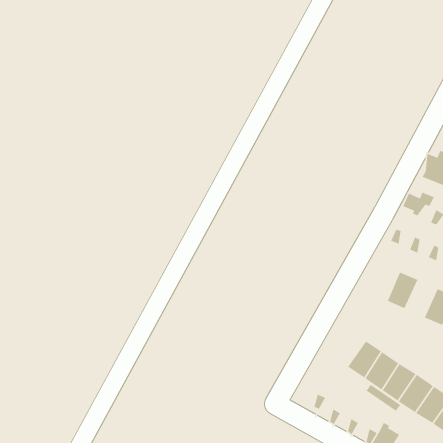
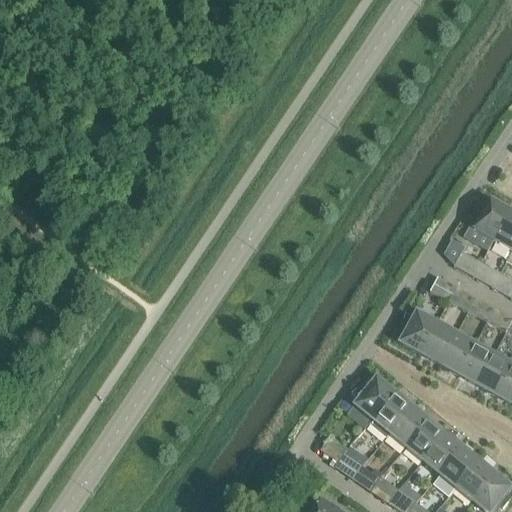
building: none -> [398,312,439,353]
building: none -> [441,333,477,374]
building: none -> [353,374,397,418]

